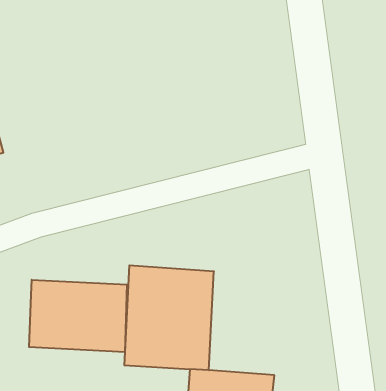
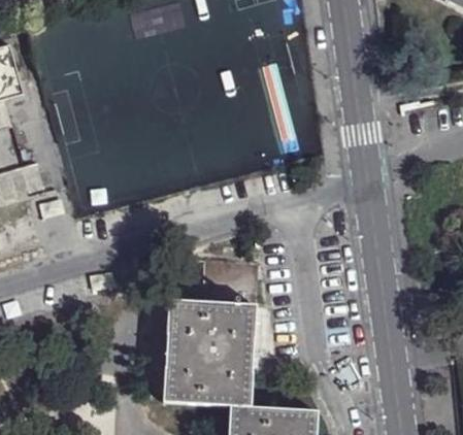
building: [29,280,127,352] -> none

